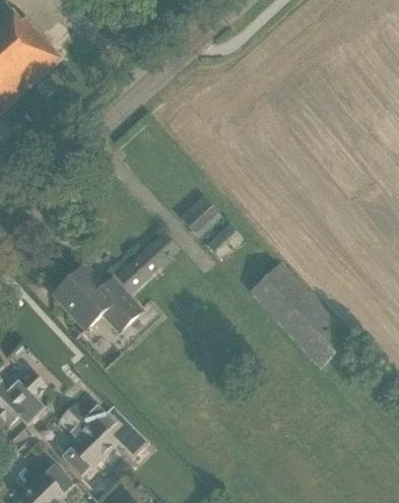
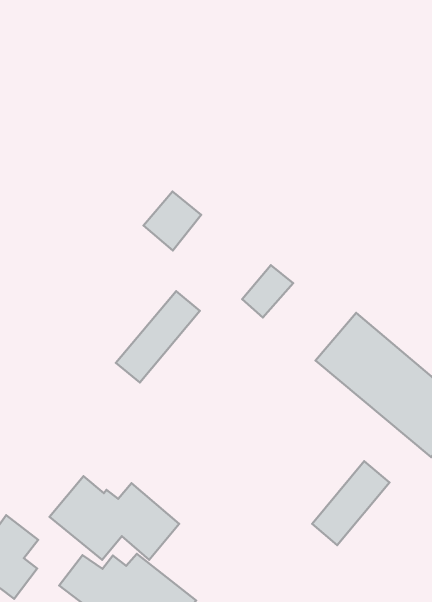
building: [179,196,218,236] -> [144,192,201,251]
building: [54,269,140,331] -> [50,476,179,560]
building: none -> [312,461,390,545]

